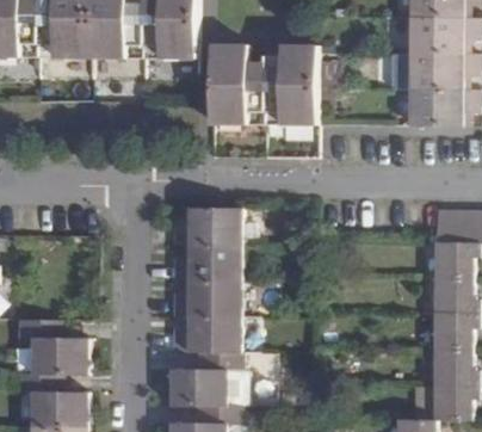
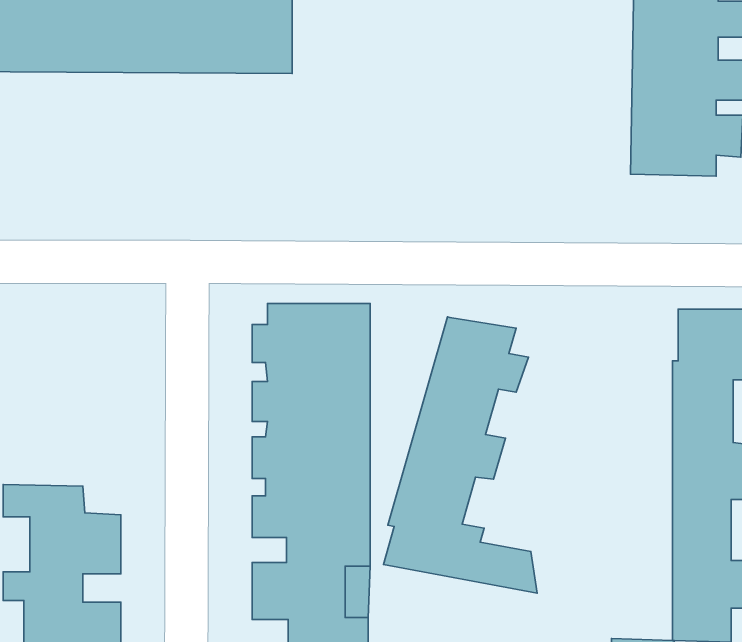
building: [209,44,316,129] -> none
building: none -> [383,317,537,593]

